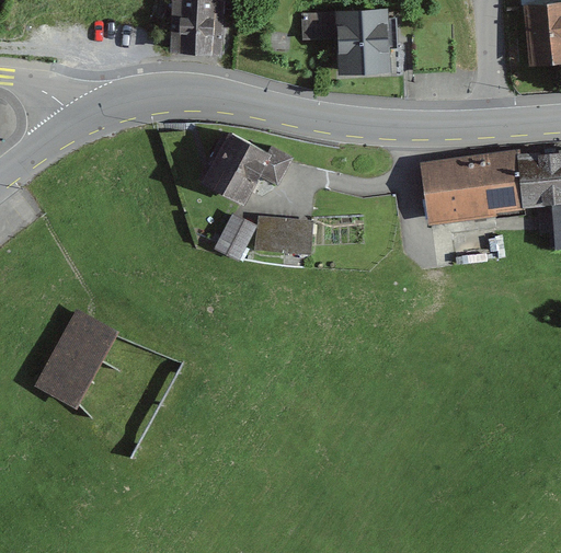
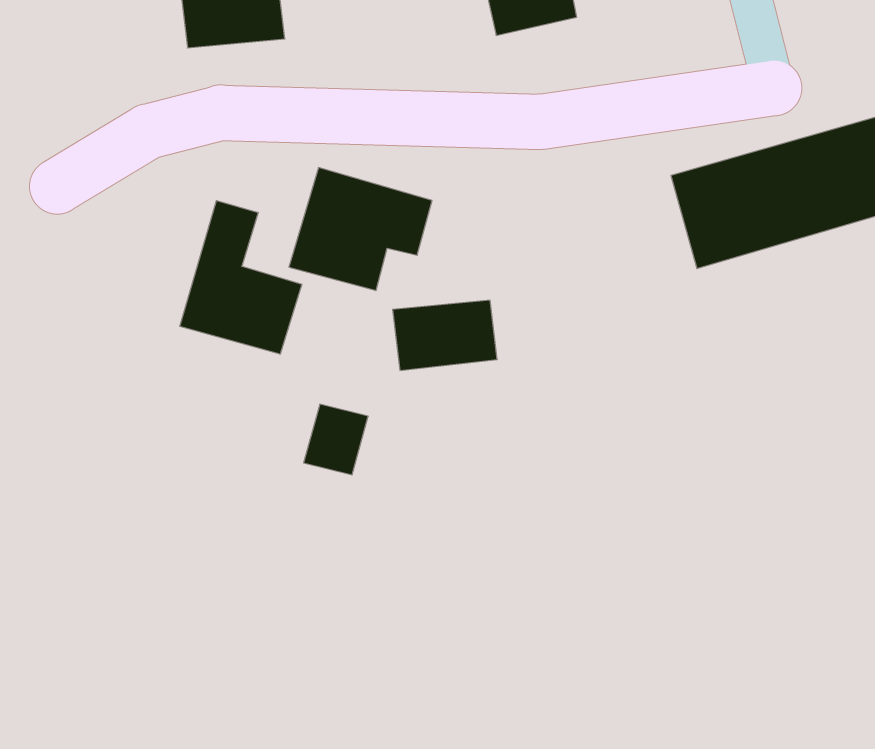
building: none -> [180,201,302,354]
building: [217,215,257,257] -> [304,404,368,475]
building: [36,309,121,405] -> none

